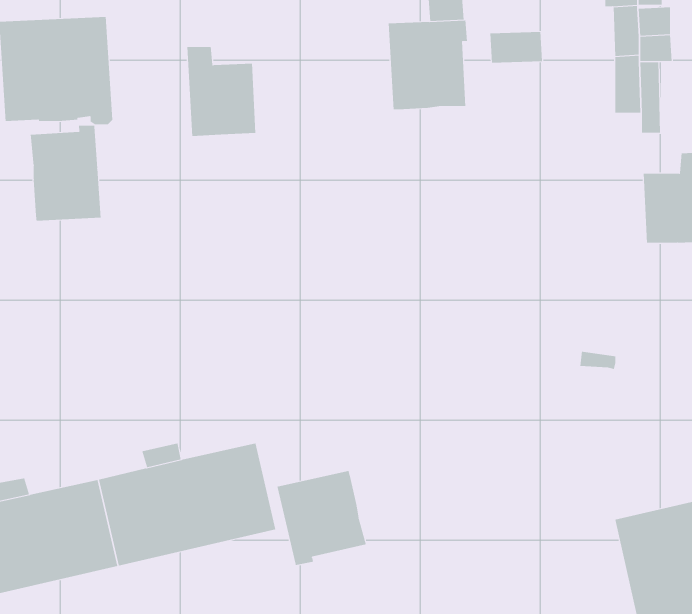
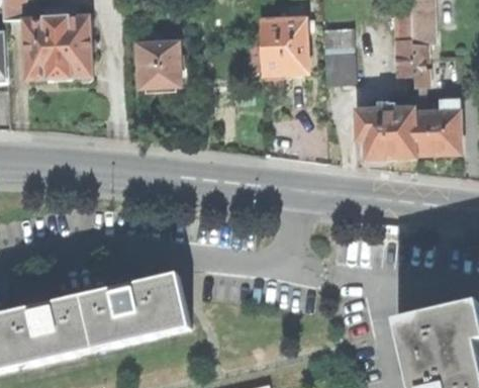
building: none -> [326,55,357,86]
building: [30,125,101,221] -> none
building: none -> [357,105,417,161]
building: [277,470,366,566] -> none

